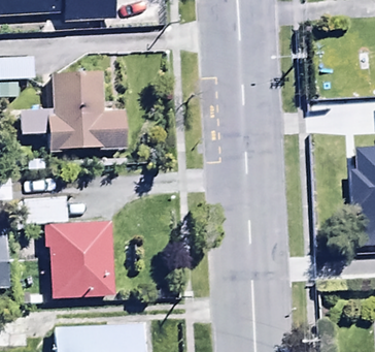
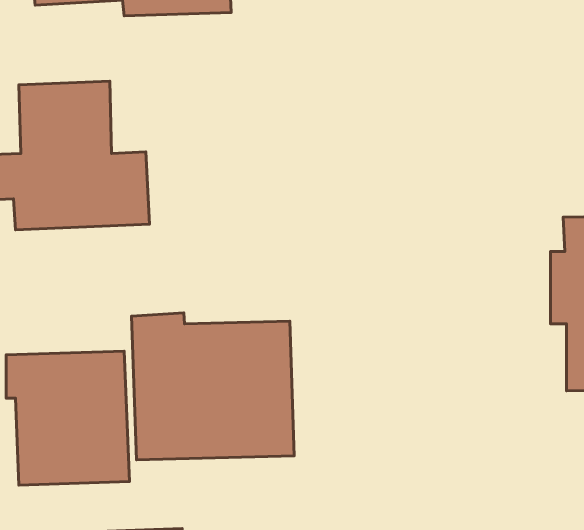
building: none -> [132,313,294,460]

